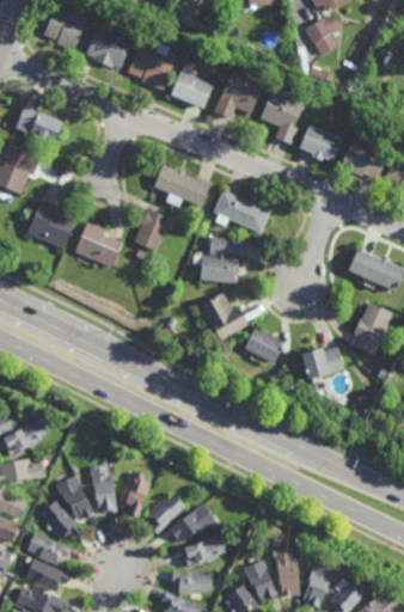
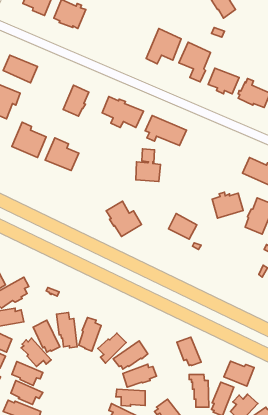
building: [128,36,175,90] -> none
building: [171,60,214,109] -> none
building: [134,209,170,252] -> [63,85,89,116]
building: [200,292,249,341] -> [106,201,141,237]
building: [301,344,344,380] -> [212,192,243,218]
building: none -> [224,361,254,386]
building: [245,561,278,600] -> [177,337,201,366]

